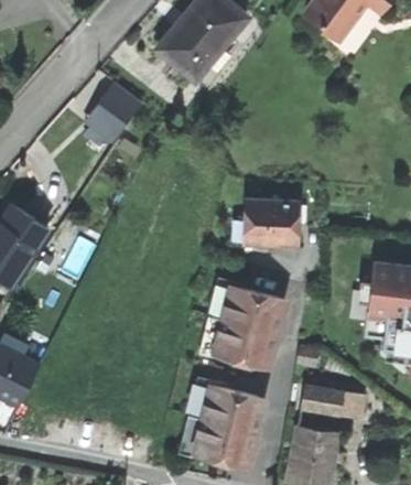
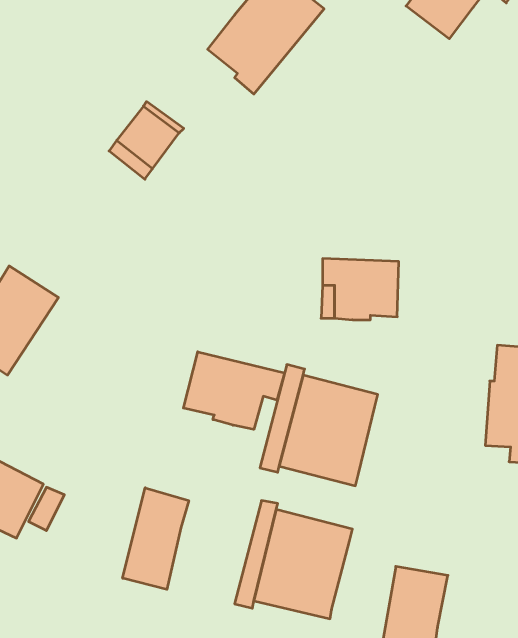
building: none -> [183,352,285,429]
building: none -> [123,488,189,589]
building: [302,387,380,420] -> none

